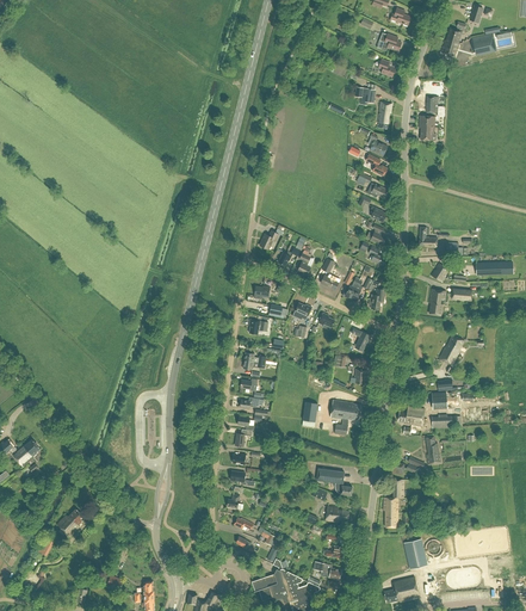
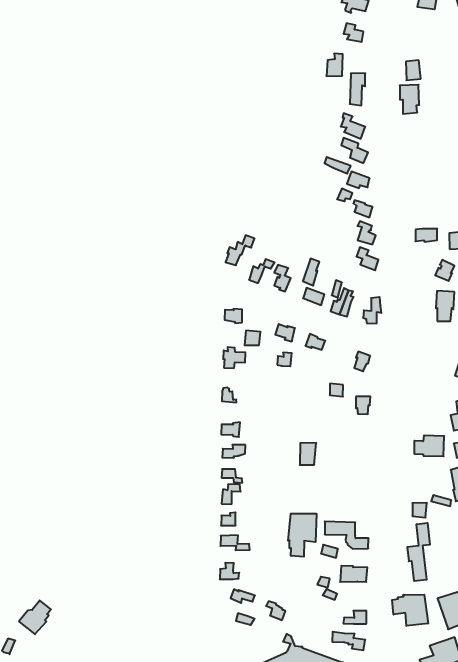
building: [329,400,359,434] -> none
building: none -> [288,514,316,557]
building: none -> [392,595,428,626]

